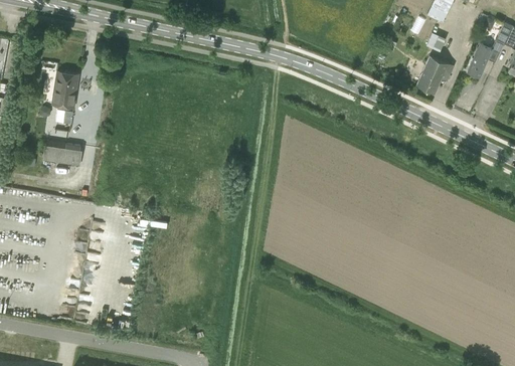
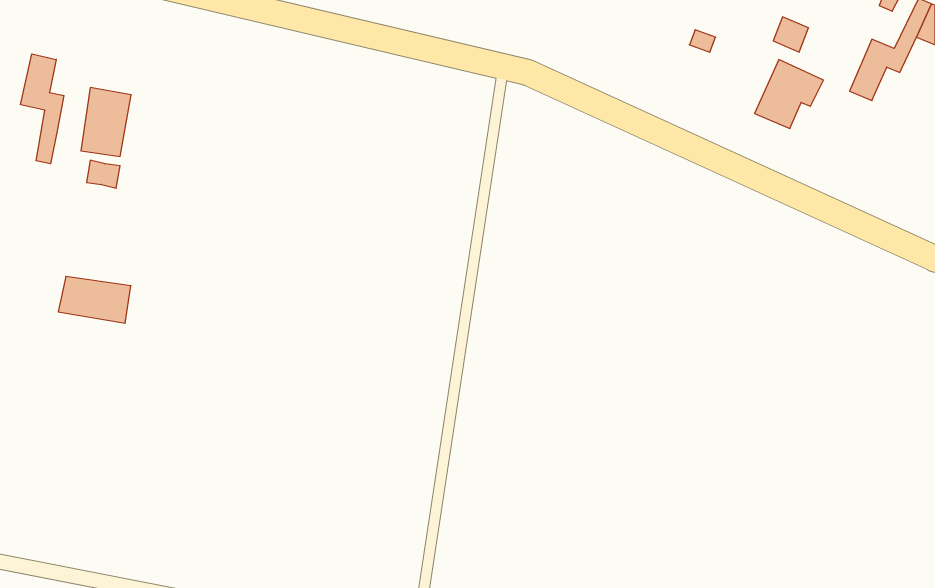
building: none -> [21,54,64,164]
building: [42,143,81,168] -> [58,277,131,323]

